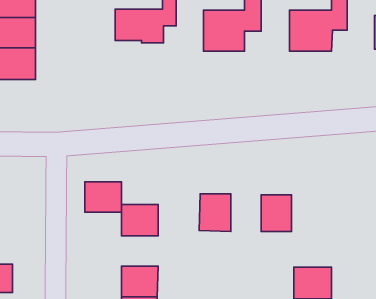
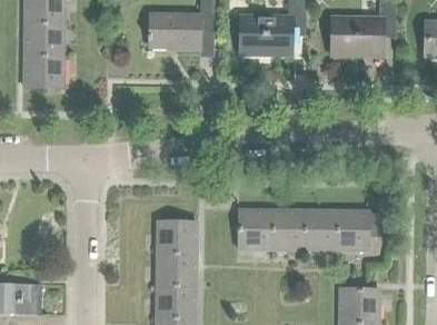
building: [85,182,122,212] -> [156,254,195,286]
building: none -> [271,209,304,249]
building: none -> [336,210,383,249]

